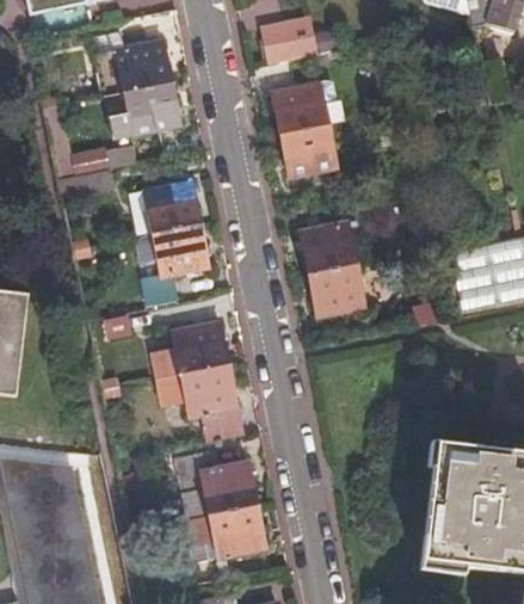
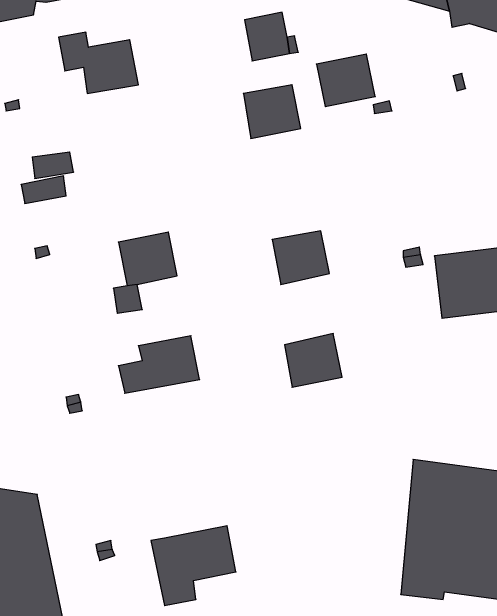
building: [119,82,180,135] -> none
building: [279,124,335,174] -> [316,54,375,107]
building: [144,181,201,233] -> none
building: [308,263,363,314] -> [285,334,342,387]
building: [159,364,245,440] -> none
building: [186,454,257,516] -> none

